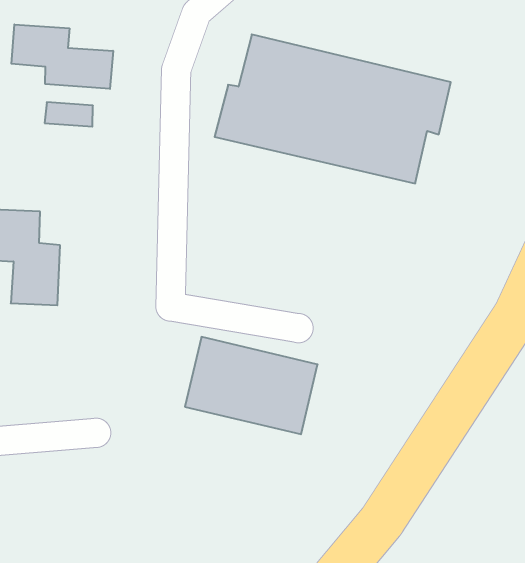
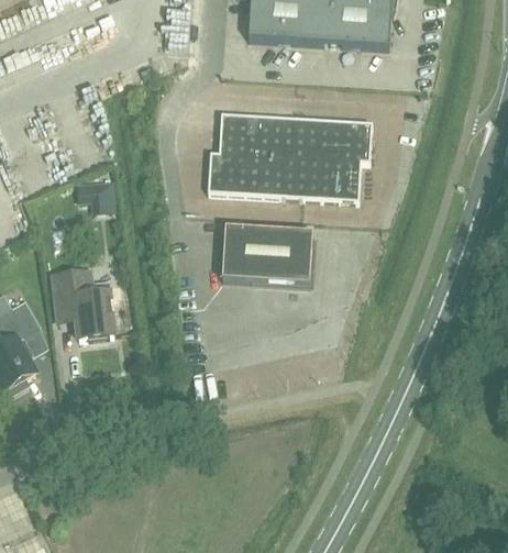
building: [11,24,113,89] -> none
building: [185,337,318,434] -> [220,225,311,284]

